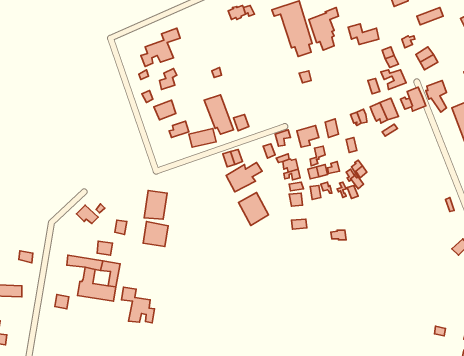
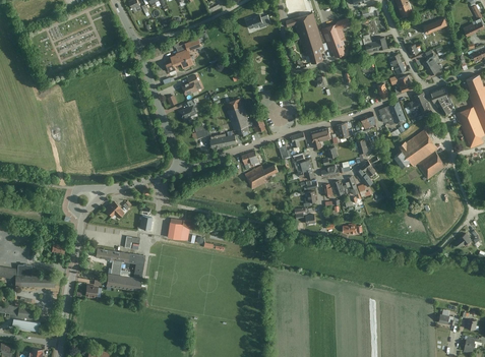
building: none -> [395,128,447,179]
building: [144,190,167,219] -> none
building: [238,193,269,226] -> none
building: [122,287,155,323] -> none

